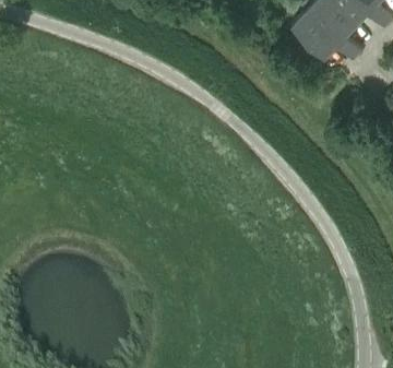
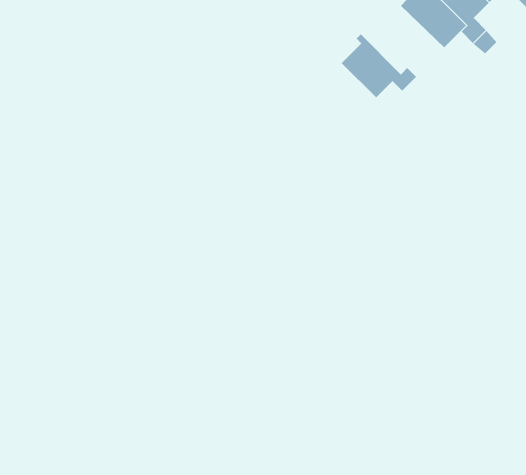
building: none -> [341,34,417,98]

